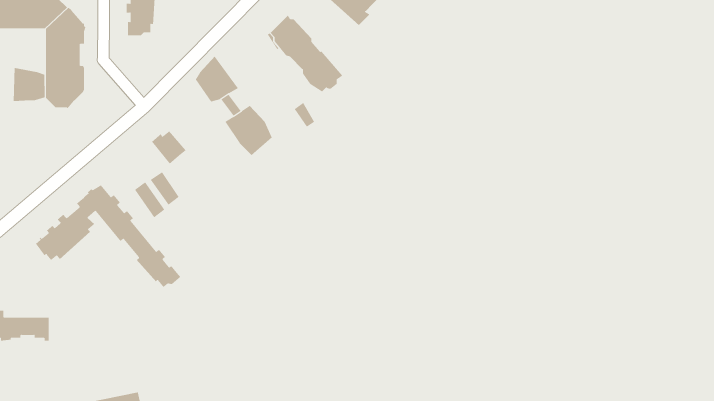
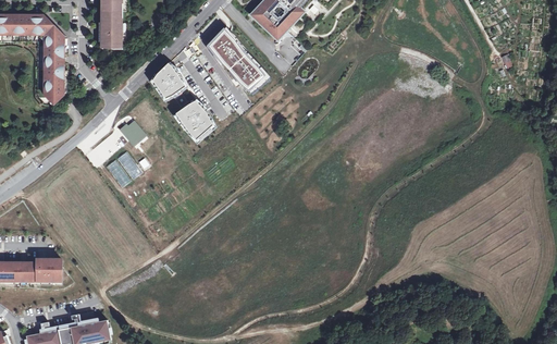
building: [13,67,45,102] -> none
building: [35,185,181,288] -> none
building: none -> [40,259,65,282]

